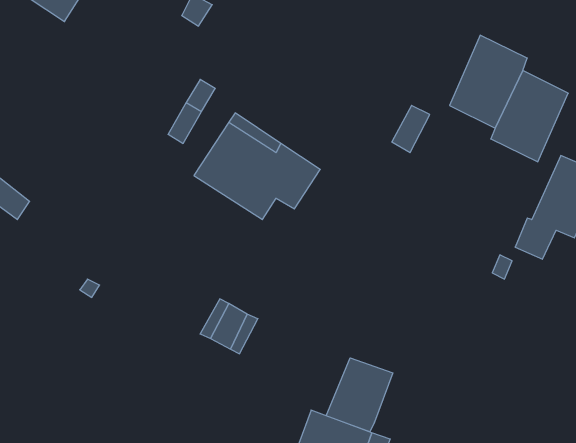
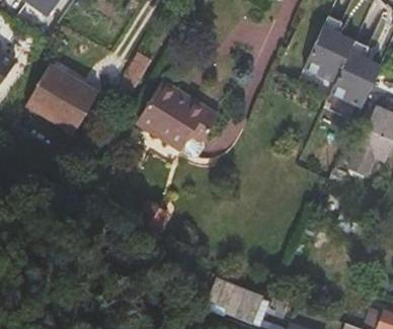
building: none -> [26,63,101,135]
building: [326,358,393,432] -> none

